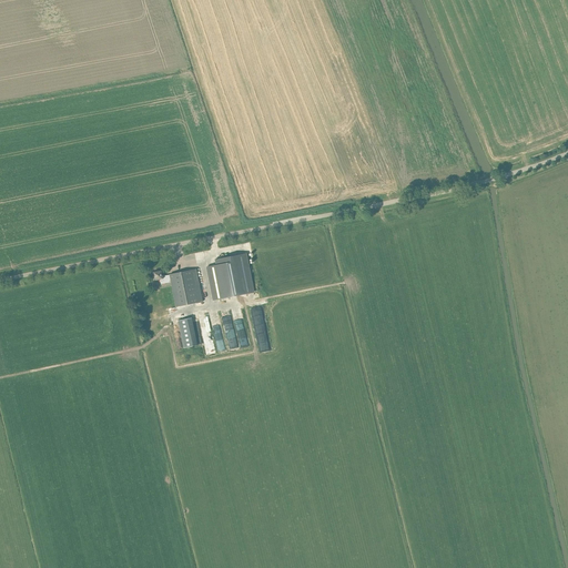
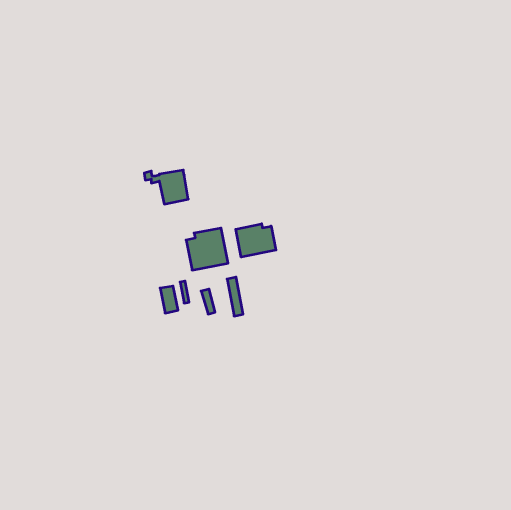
building: none -> [236,224,276,257]
building: [153,268,202,306] -> [144,170,188,204]

